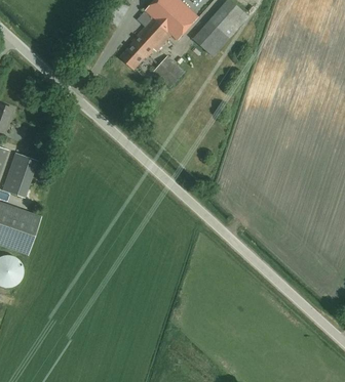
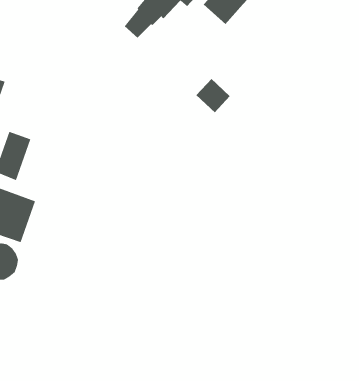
building: [153,55,185,87] -> [196,78,231,113]

